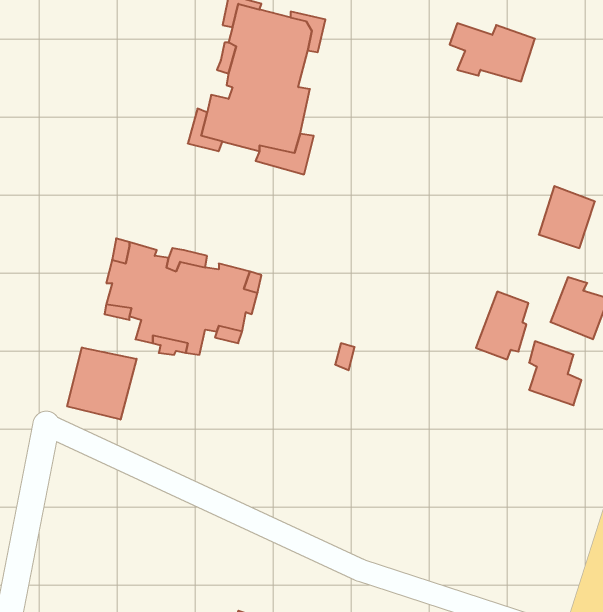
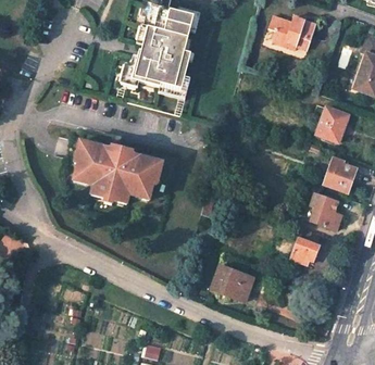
building: [476,292,528,359] -> [290,227,320,265]
building: [67,347,137,420] -> none
building: none -> [212,265,252,300]

